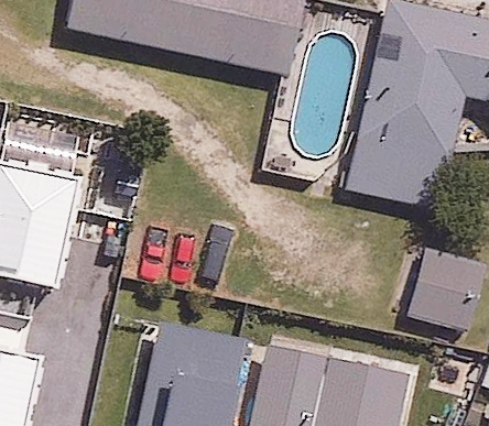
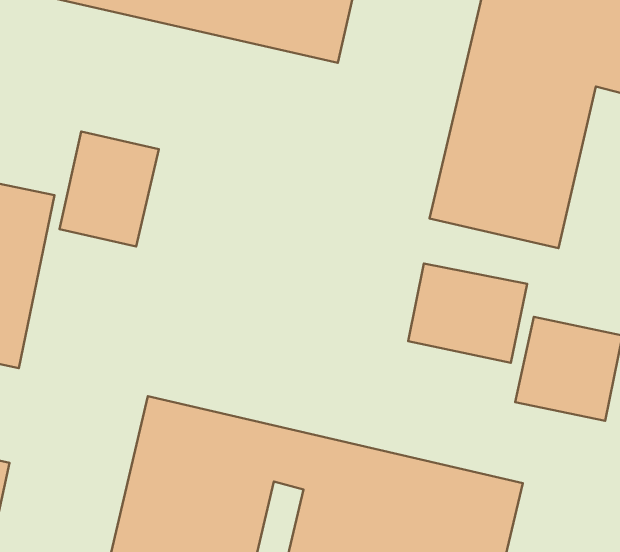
building: none -> [60,131,159,246]
building: none -> [408,263,527,363]

